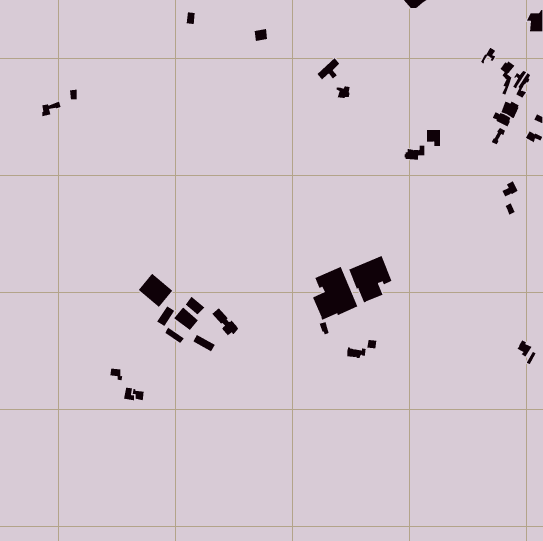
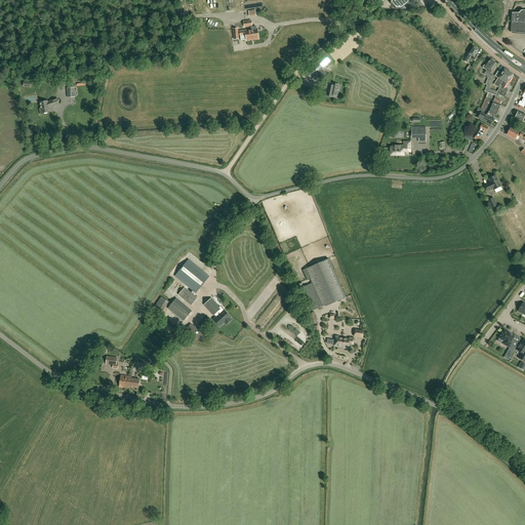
building: [349,255,392,303] -> none
building: [138,273,173,308] -> [175,258,209,292]

